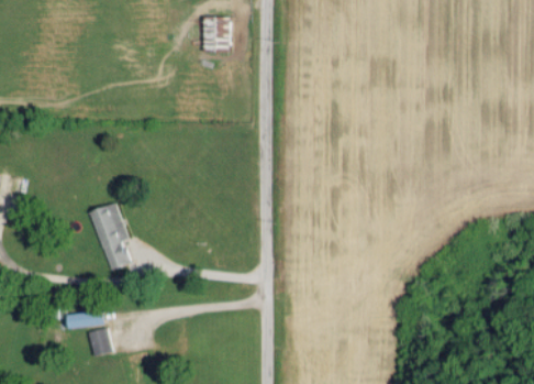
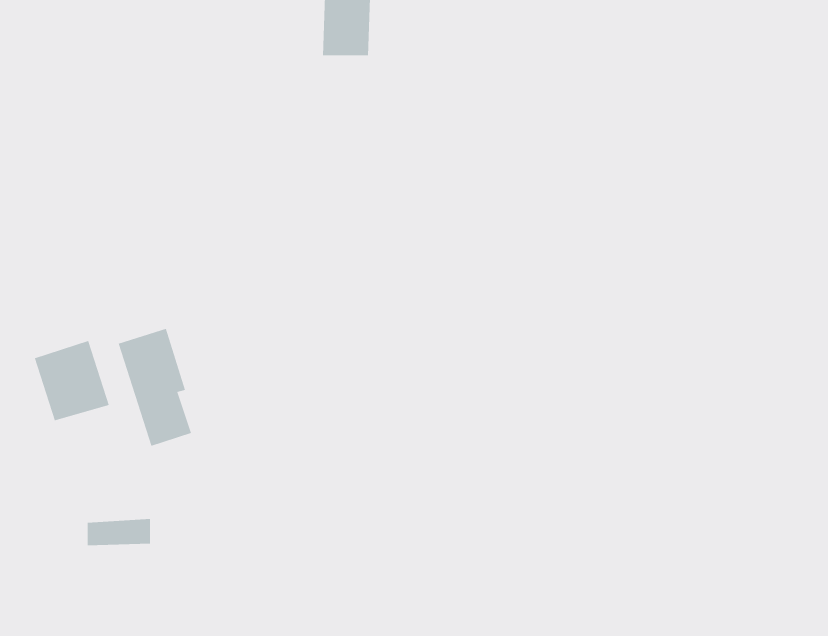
building: none -> [34,340,110,421]
building: [86,328,112,356] -> none

